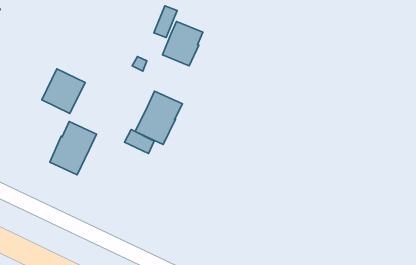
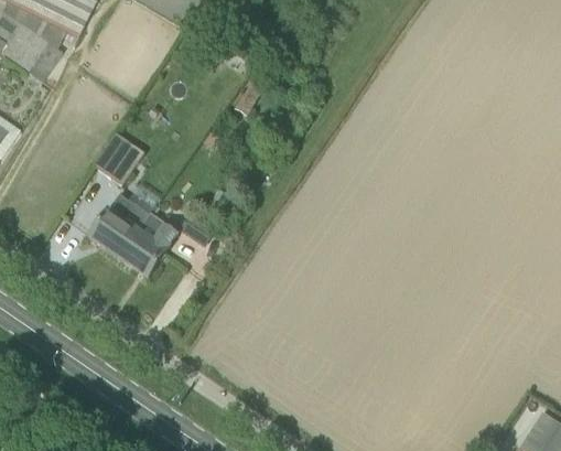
building: [163,21,203,66] -> none
building: [135,91,183,144] -> [119,212,179,275]

